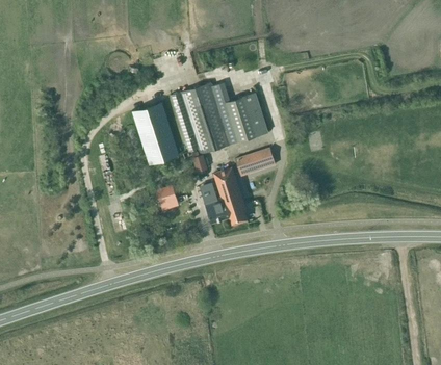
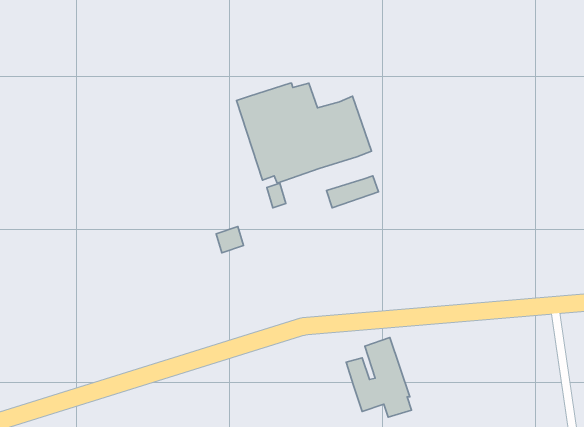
building: [132,103,179,165] -> none
building: [201,170,248,227] -> [346,337,411,417]

